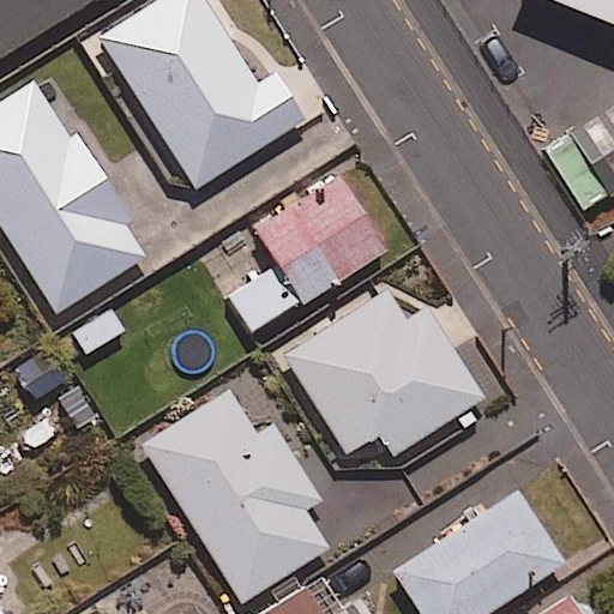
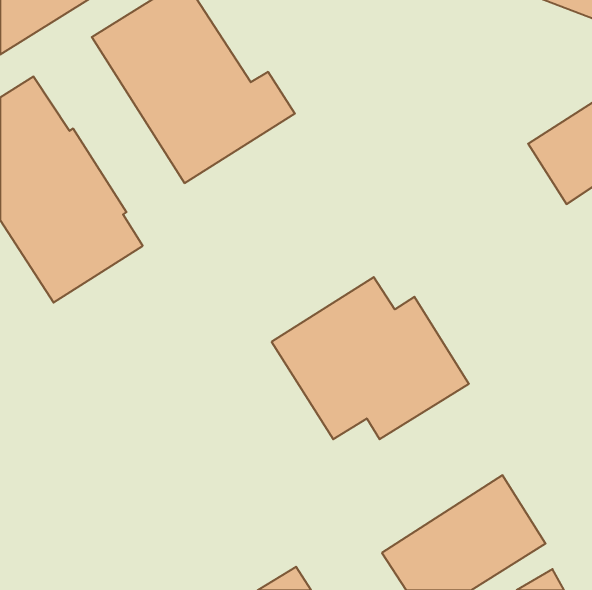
building: [228,174,387,333] -> none
building: [143,389,329,601] -> none

